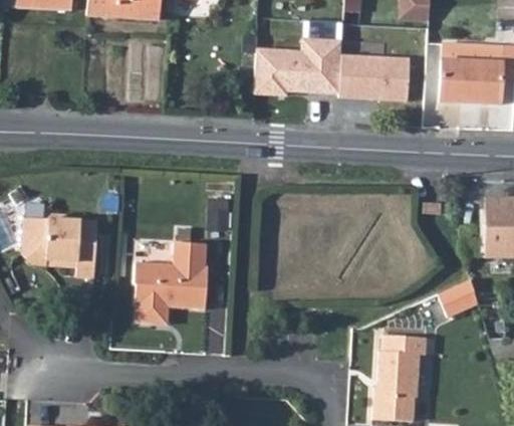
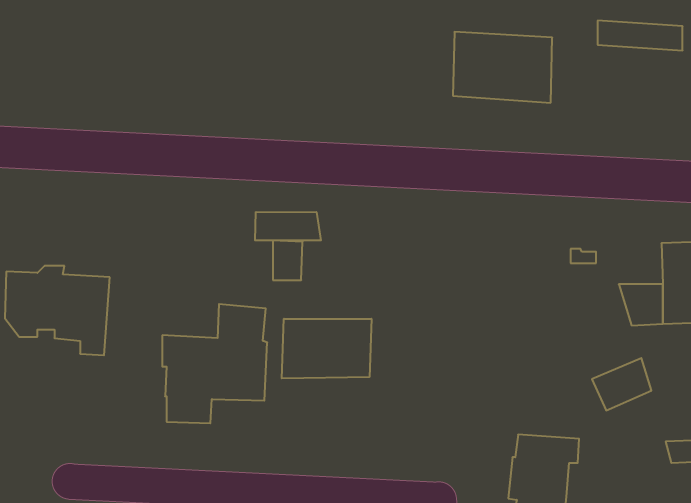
building: [255,34,340,94] -> none
building: [440,59,502,104] -> none
building: none -> [255,212,321,240]
building: none -> [282,319,371,378]

